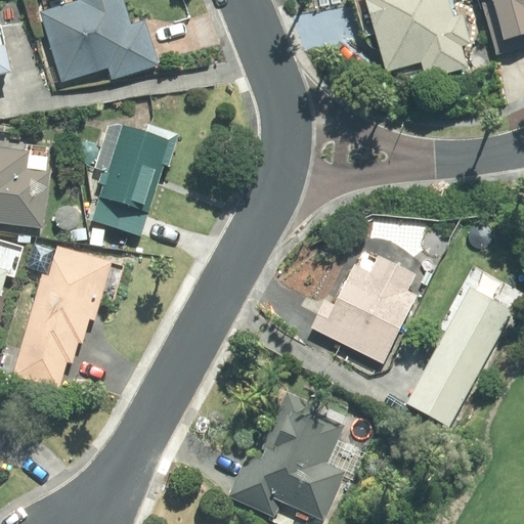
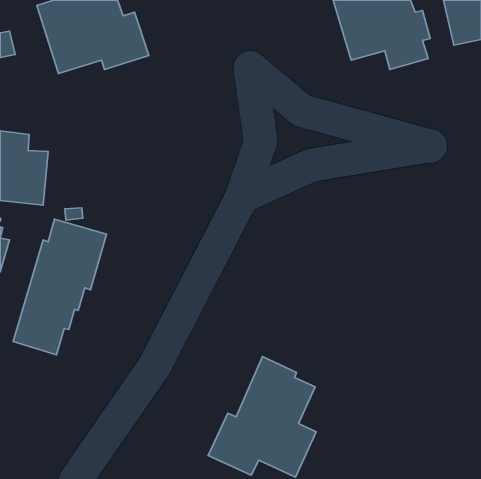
building: [94,119,183,234] -> none
building: [308,255,414,364] -> none
building: [405,285,511,425] -> none

